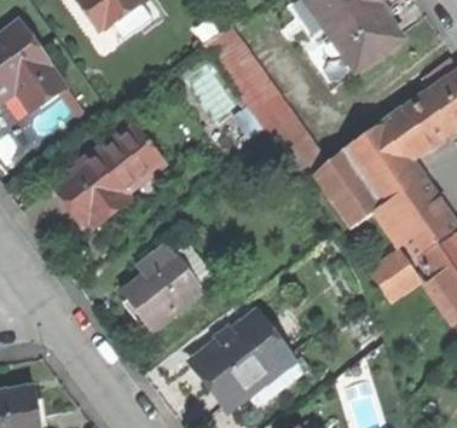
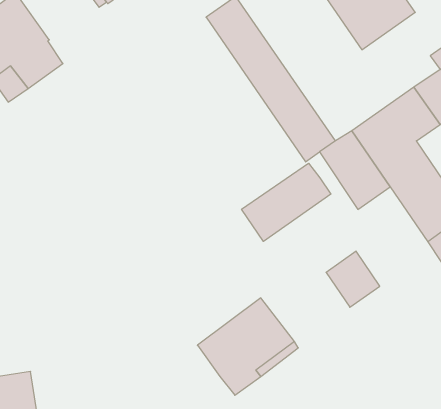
building: [52,122,166,225] -> none
building: none -> [242,163,331,241]
building: [371,242,423,296] -> [326,251,380,307]
building: [122,247,203,331] -> none

